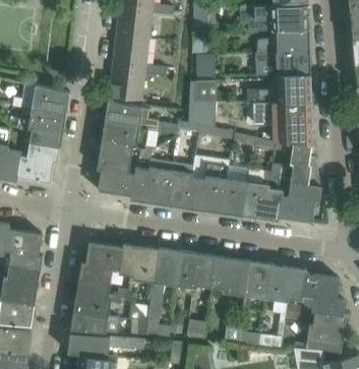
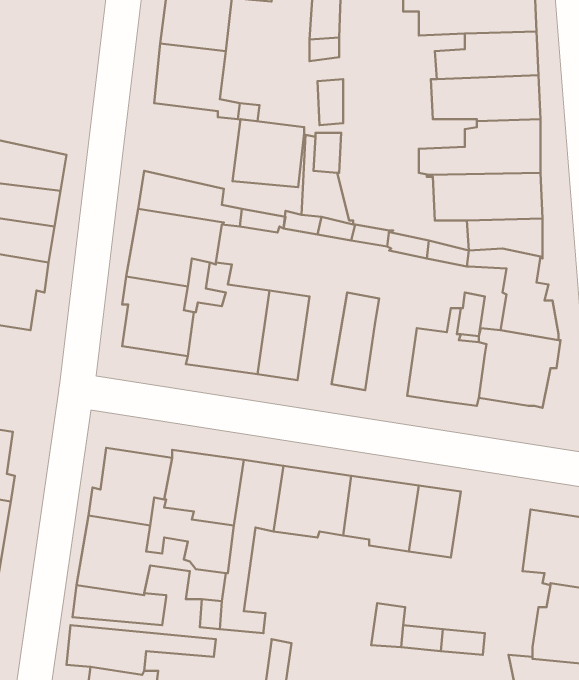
building: [109,66,145,101] -> [233,119,304,187]
building: [186,162,212,209] -> none
building: [221,178,247,216] -> none
building: [264,264,306,323] -> none

